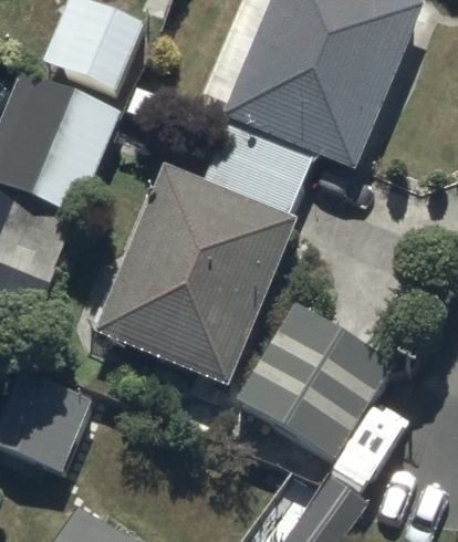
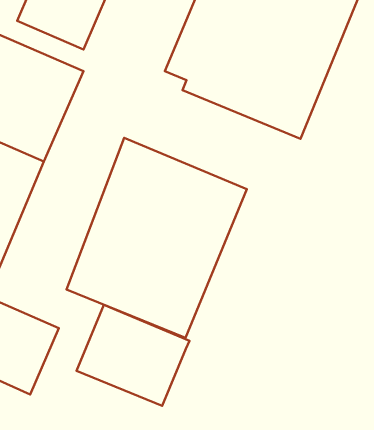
building: [239,309,396,466] -> none
building: none -> [76,305,190,406]

